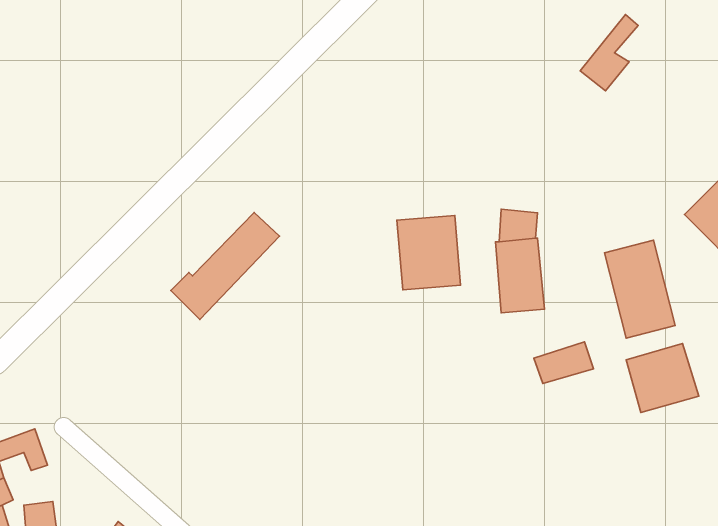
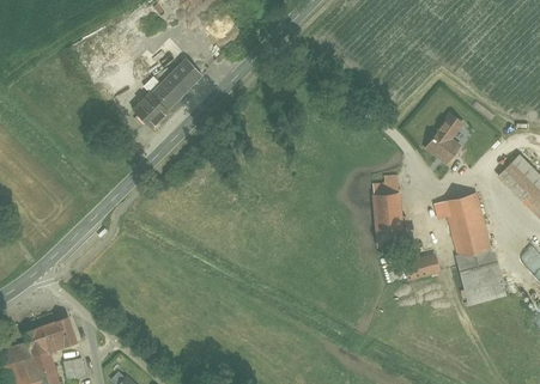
building: [580,15,638,91] -> [423,108,461,158]
building: [171,212,280,320] -> [131,62,202,133]
building: [397,215,460,290] -> none

